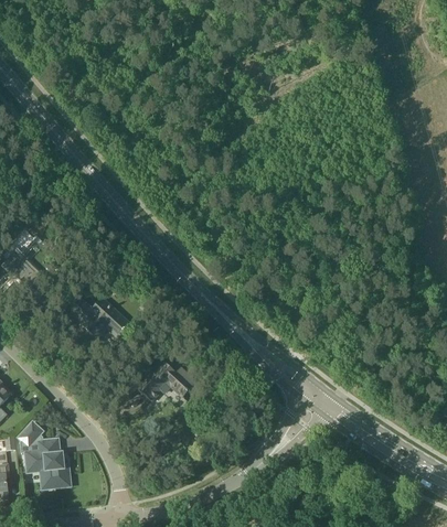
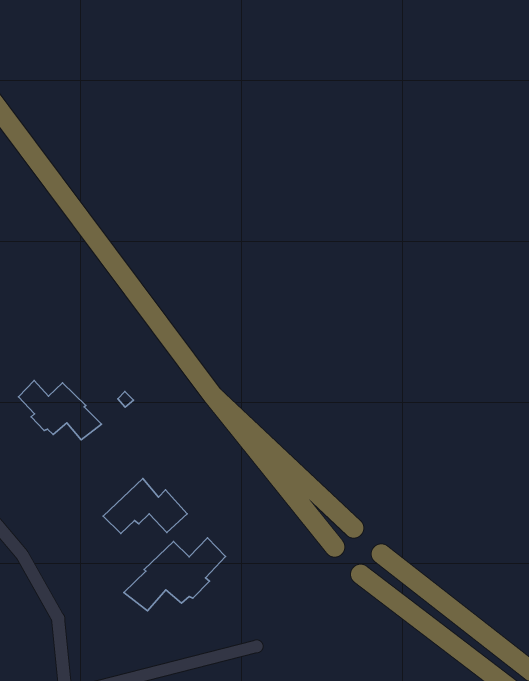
building: none -> [124,538,226,611]

